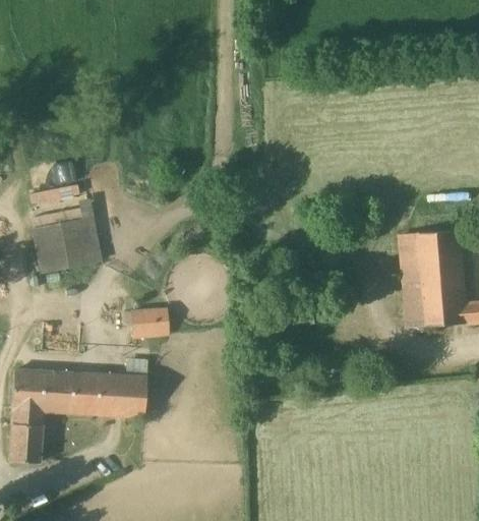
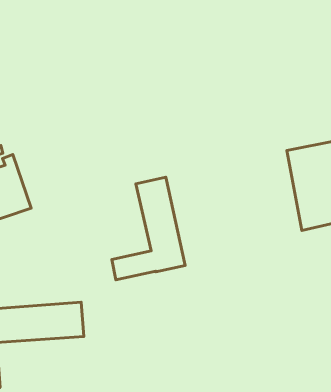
building: none -> [112,177,185,280]
building: [130,308,169,338] -> none

